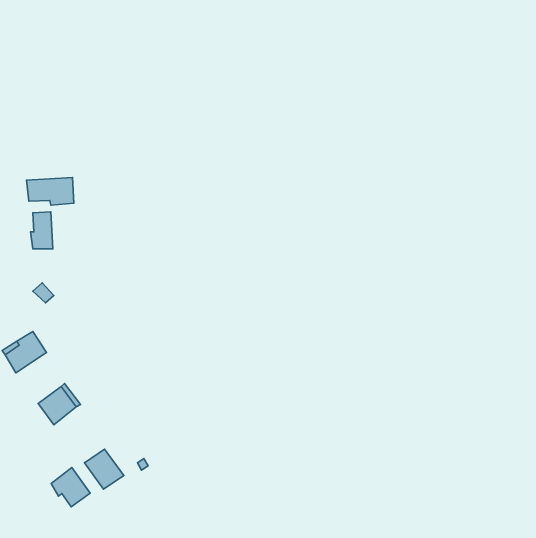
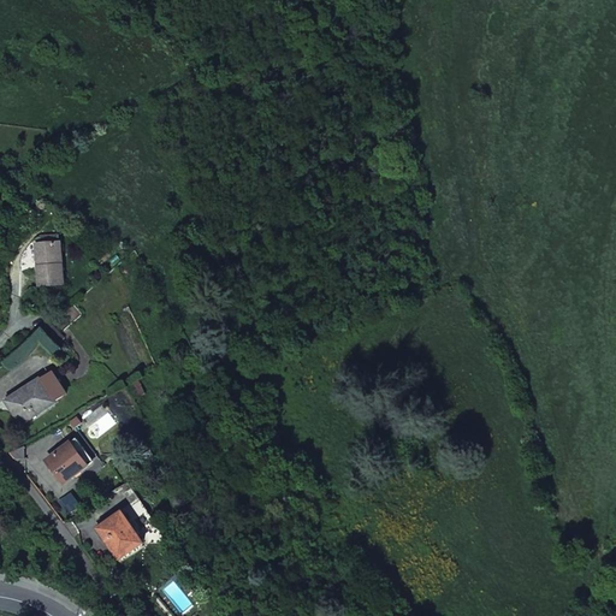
building: [26,177,74,205] -> none
building: [51,467,90,507] -> none

